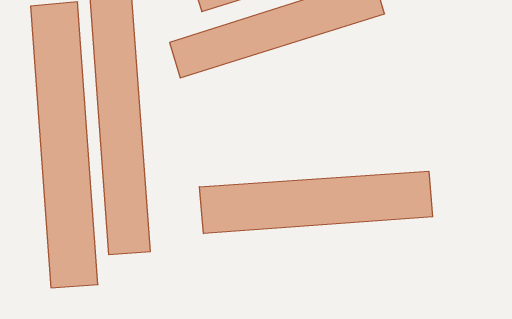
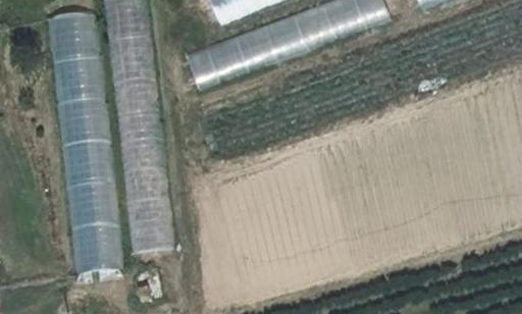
building: [199,171,433,234] -> none

